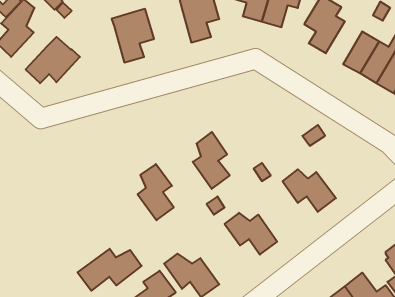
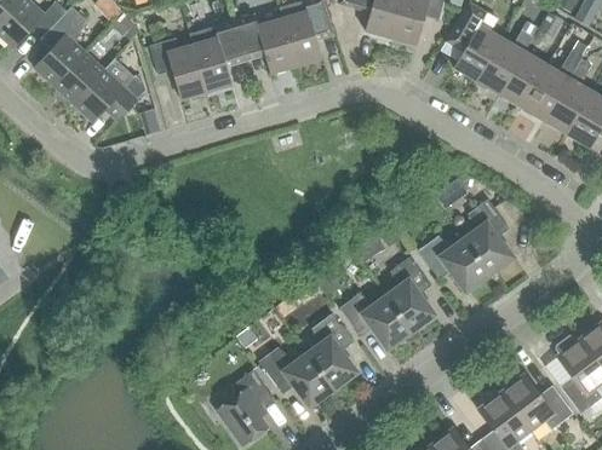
building: none -> [234,15,296,73]
building: none -> [476,21,538,94]
building: none -> [150,38,206,99]
building: none -> [55,52,103,102]
building: [193,132,230,189] -> [385,255,435,331]
building: none -> [463,198,512,273]
building: [138,164,174,220] -> [308,313,356,388]
building: [78,249,142,291] -> none

